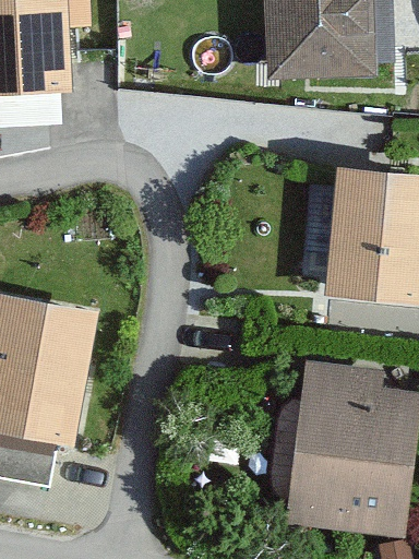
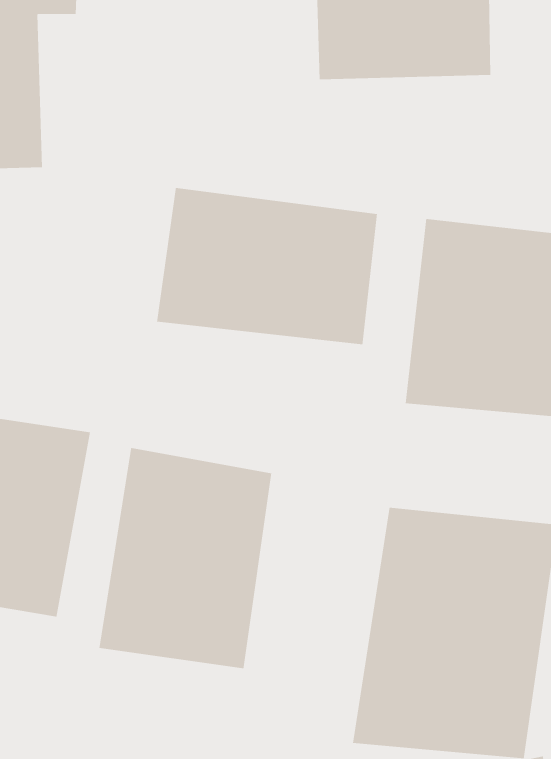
building: none -> [156,187,378,345]
building: none -> [99,447,272,669]

